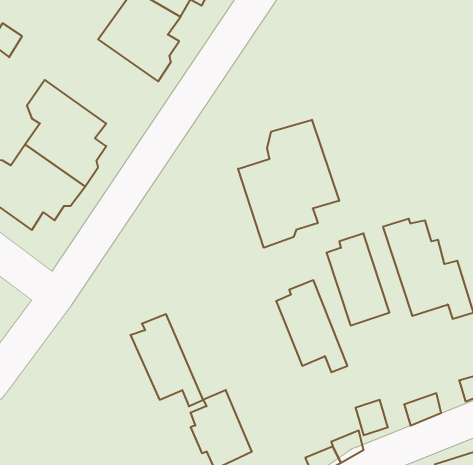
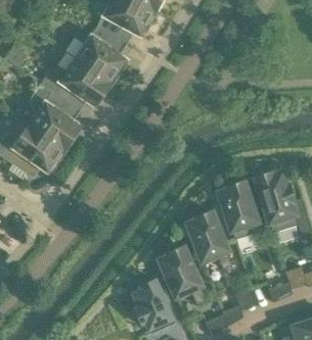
building: none -> [41,57,113,110]
building: [238,120,339,248] -> none
building: [130,314,203,406] -> [160,245,206,303]

